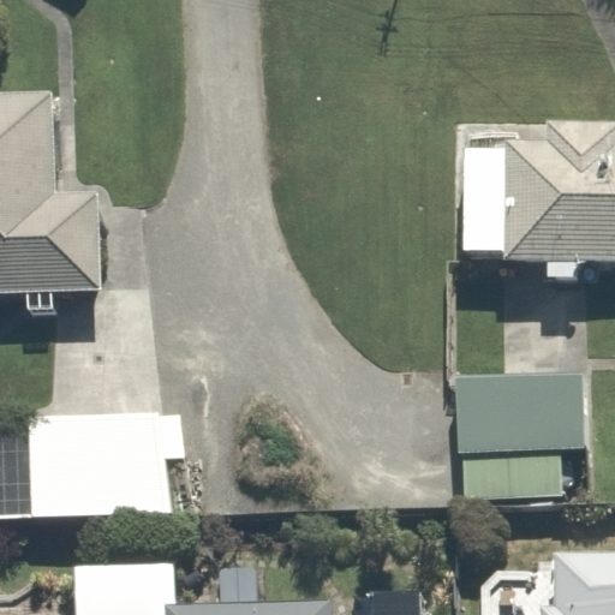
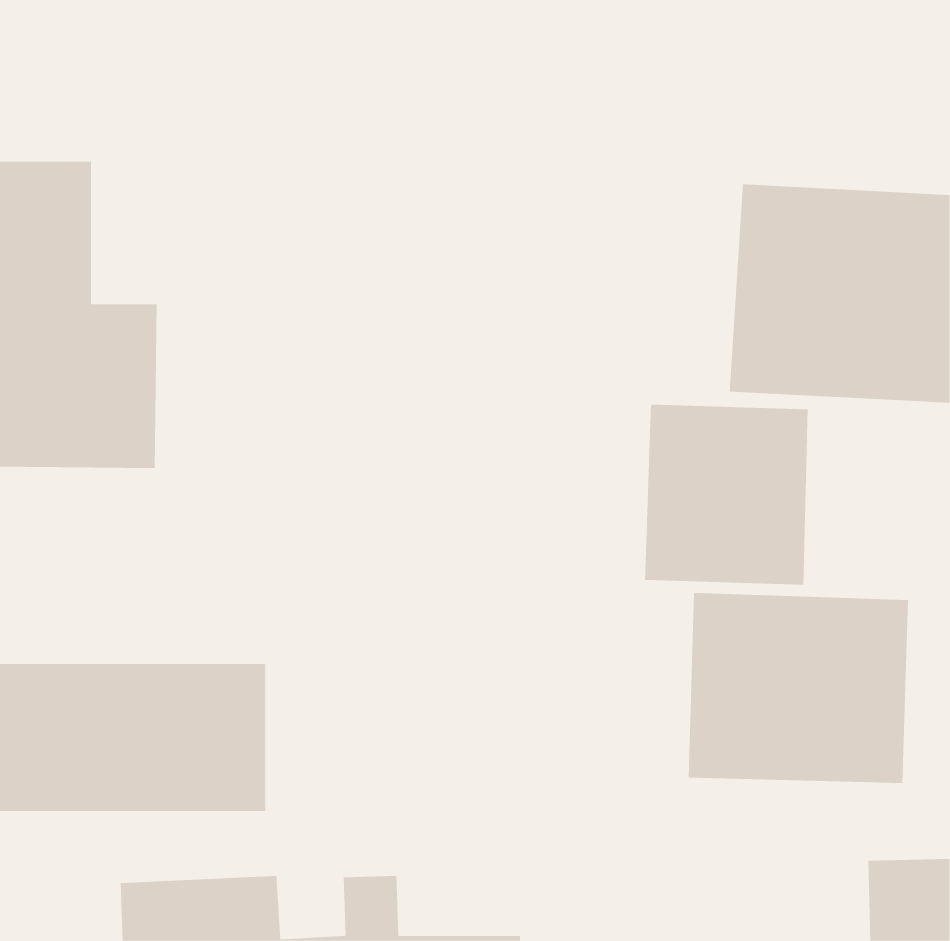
building: none -> [644,404,808,585]

